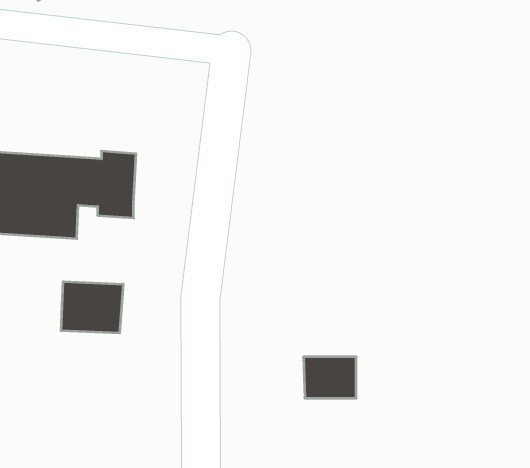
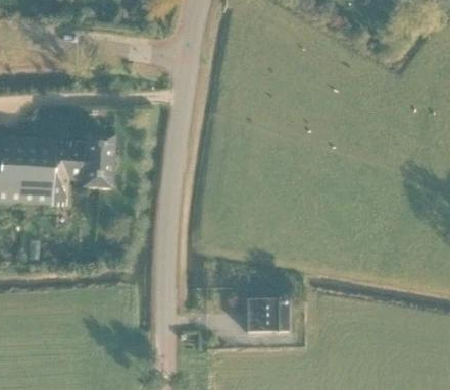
building: [61,282,123,333] -> none

